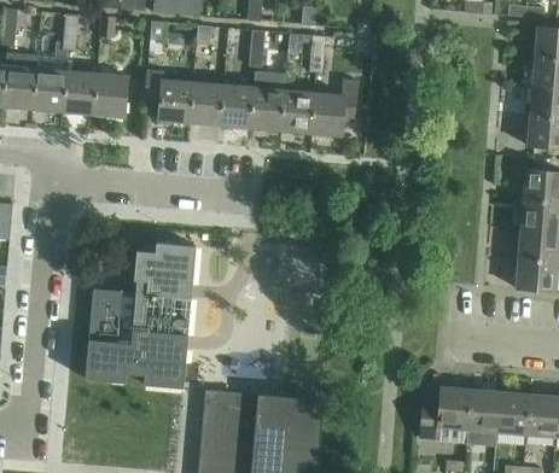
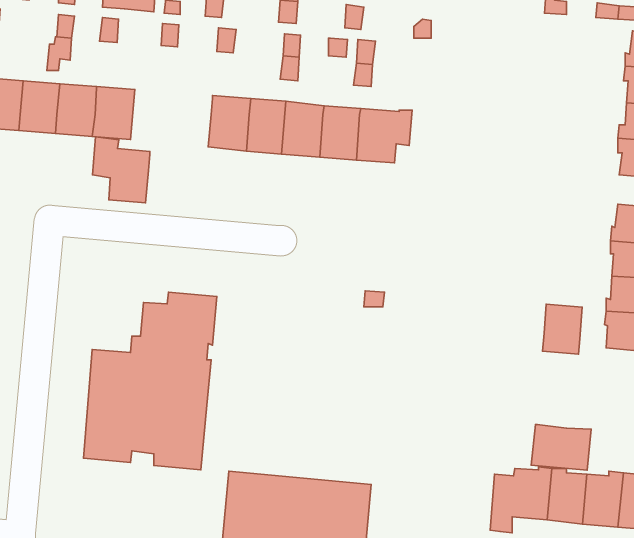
building: [145,69,192,123] -> [93,137,150,203]
building: none -> [542,304,582,354]
building: none -> [531,424,591,470]

